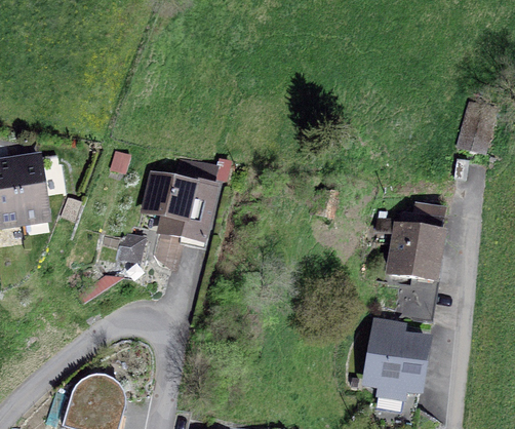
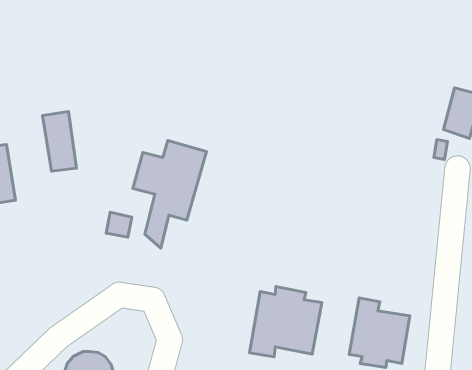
building: [13,158,48,220] -> [43,112,77,171]
building: [377,204,443,318] -> none
building: none -> [249,287,322,357]

